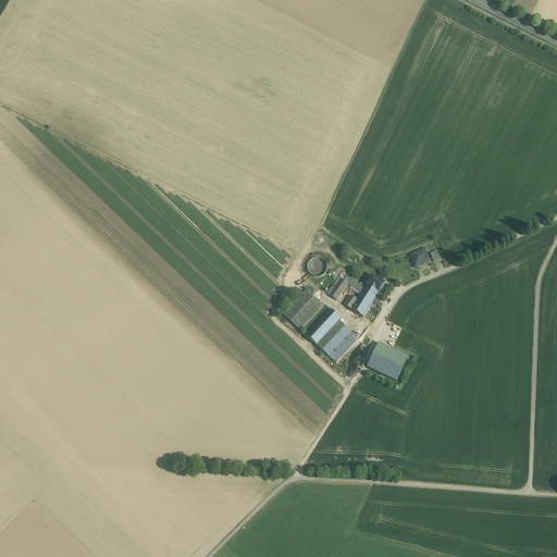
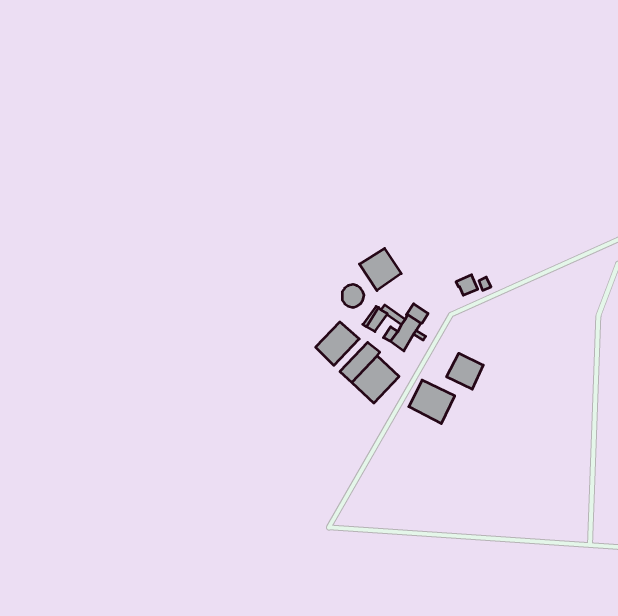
building: none -> [359,248,401,291]
building: none -> [447,353,483,389]

